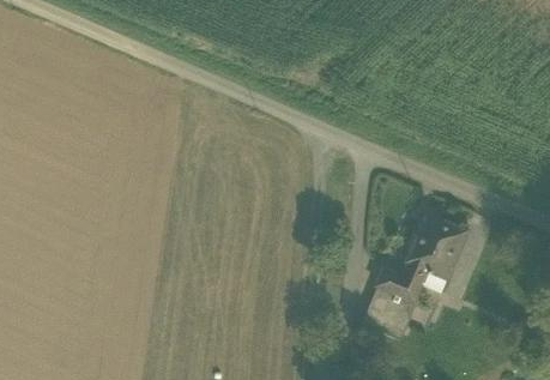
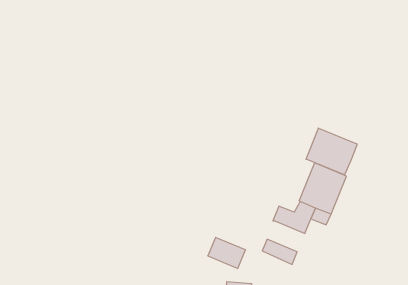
building: none -> [306,128,357,175]
building: [370,281,417,319] -> [208,237,246,268]

